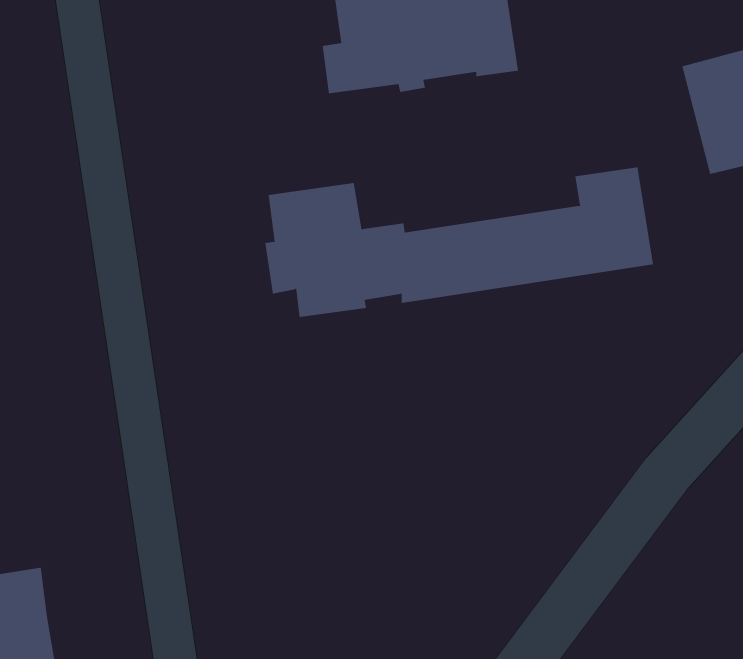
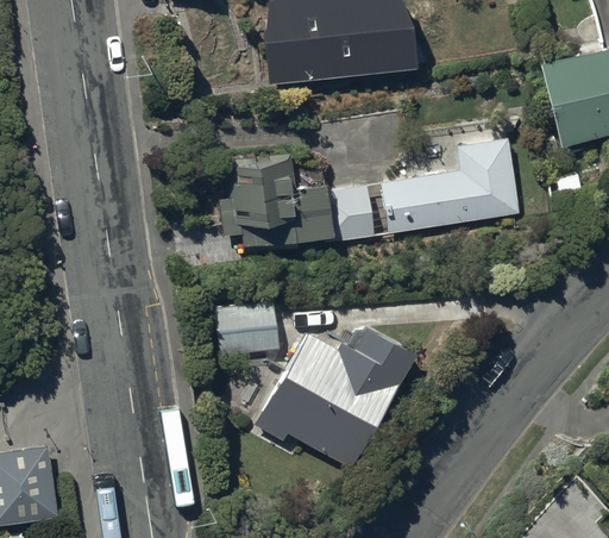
building: none -> [216,301,282,356]
building: none -> [256,325,416,468]

